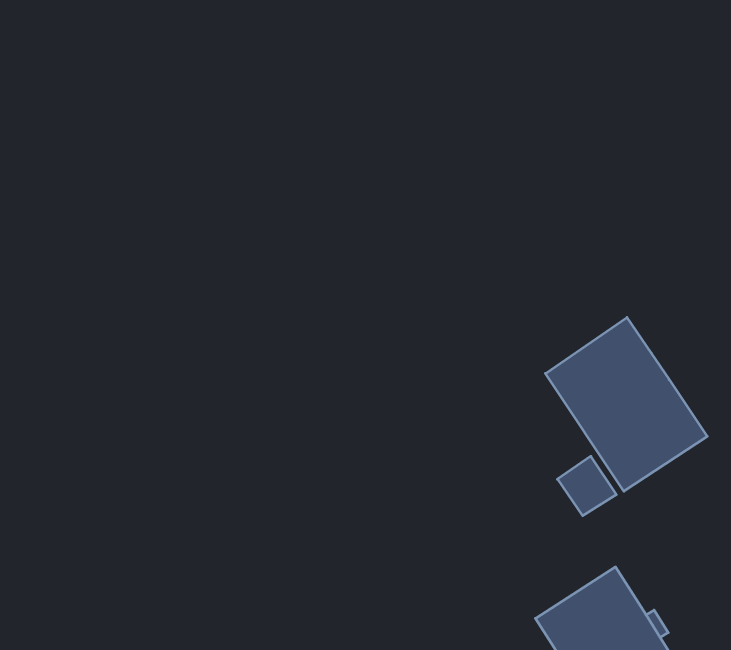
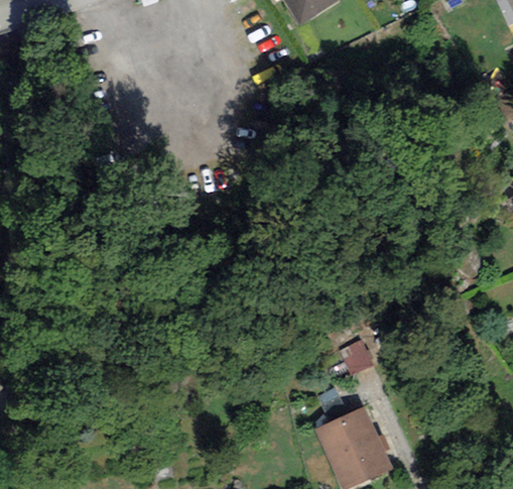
building: [545,317,707,491] -> none

